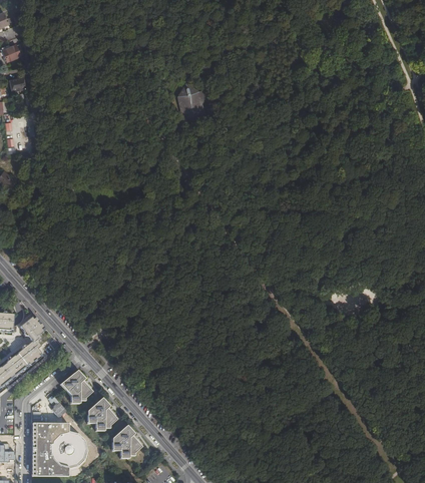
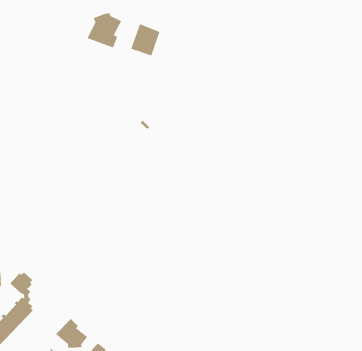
building: none -> [87,12,122,48]

